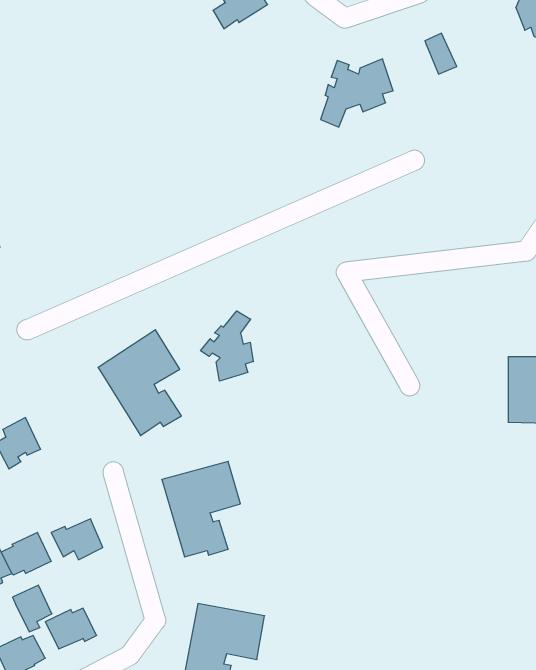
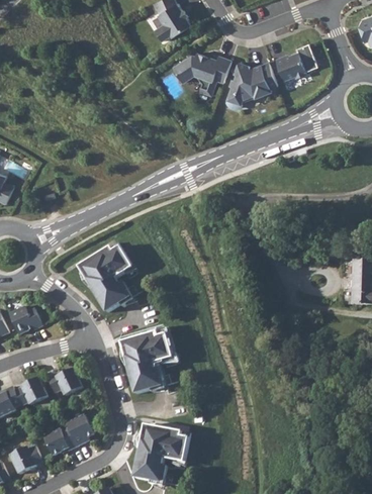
building: none -> [274,52,305,80]
building: none -> [174,53,230,94]
building: [201,311,253,381] -> none
building: [13,585,52,632] -> [66,414,92,446]

